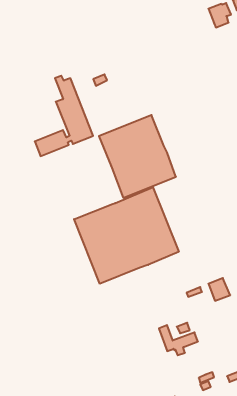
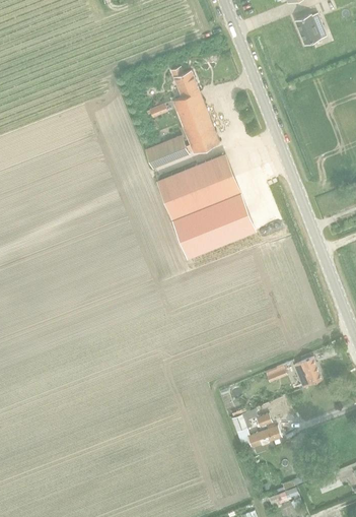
building: [35,76,93,156] -> [146,68,219,169]
building: [74,187,179,284] -> none

